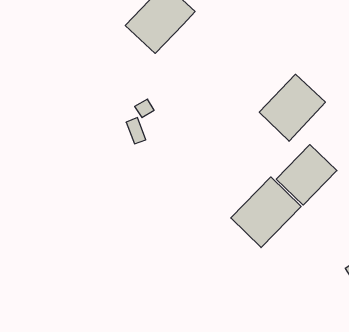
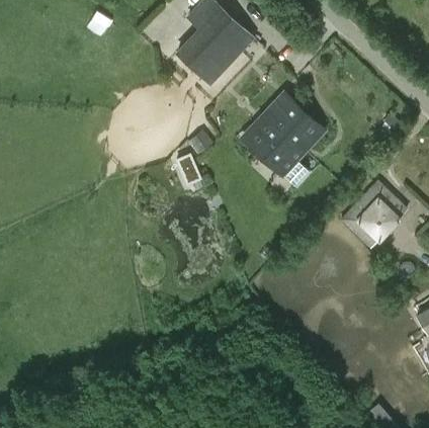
building: [259,74,325,141] -> [245,96,317,169]
building: [231,177,301,248] -> none

